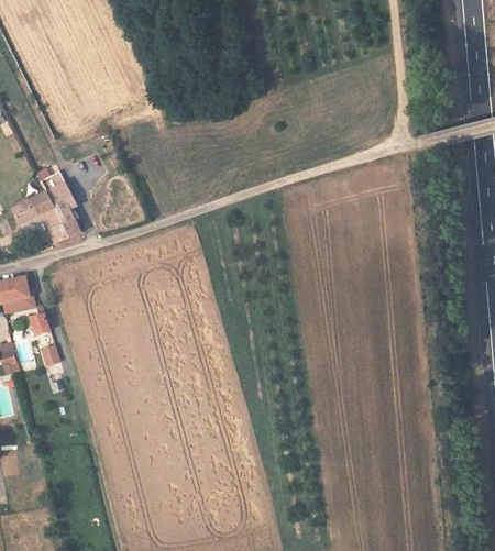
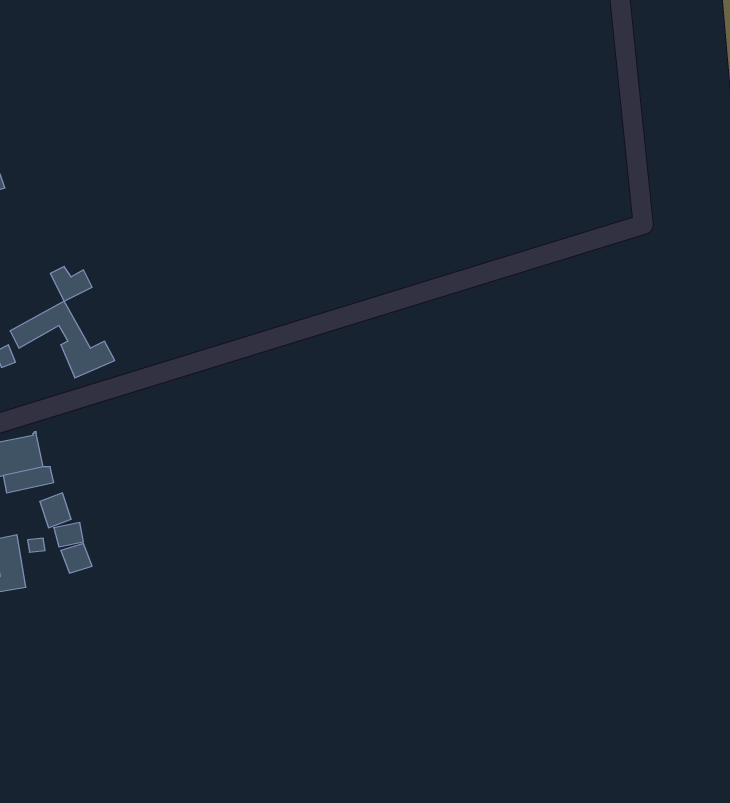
building: [43,184,72,222] -> none

